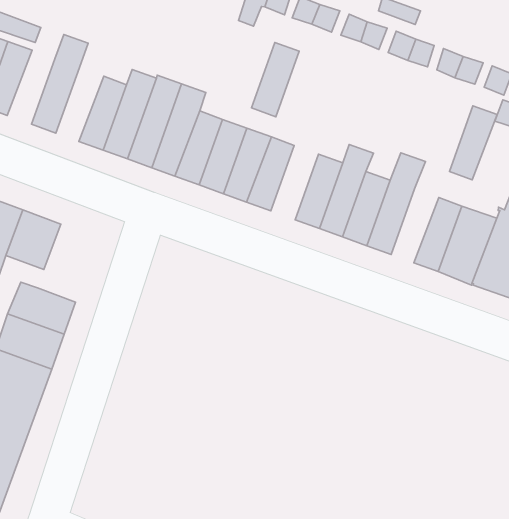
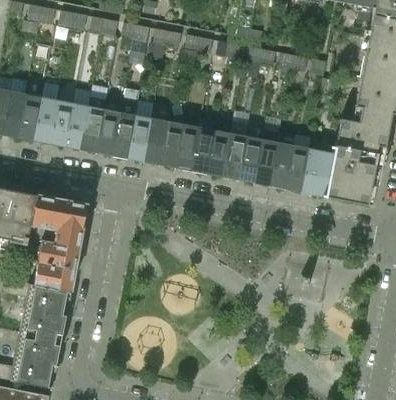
building: [252,42,299,117] -> [191,128,215,174]
building: none -> [18,95,42,141]
building: none -> [50,101,74,147]
building: [449,106,497,180] -> [270,143,294,189]
building: none -> [54,200,87,247]

